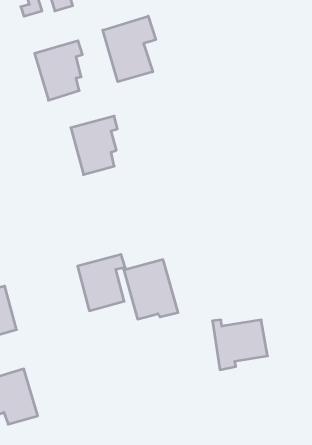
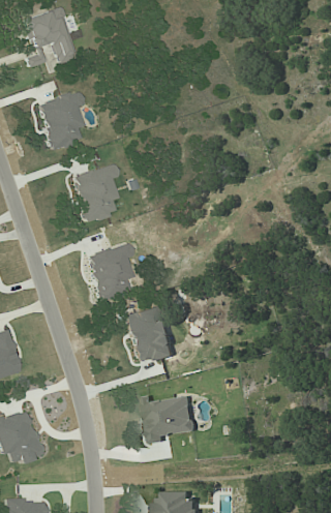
building: [103,16,156,82] -> none
building: [78,254,125,311] -> [88,243,134,298]
building: [212,320,268,370] -> [147,395,201,444]

